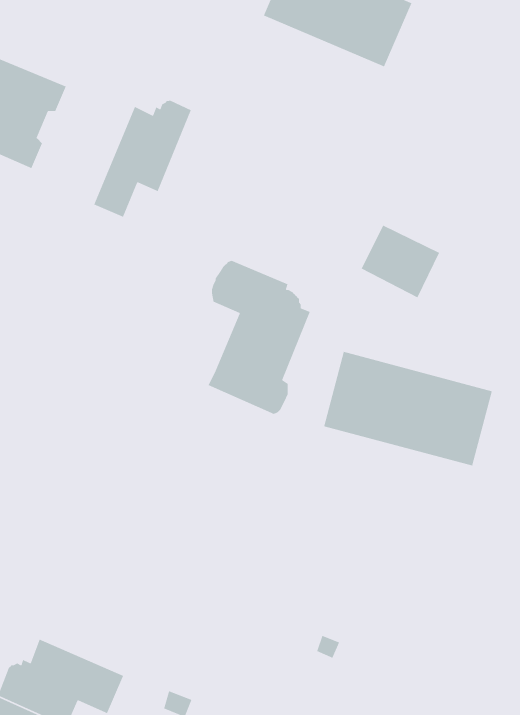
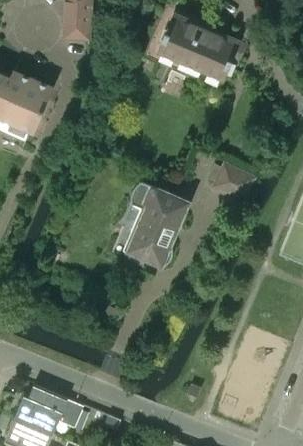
building: [93,100,192,218] -> none
building: [323,351,493,467] -> none

